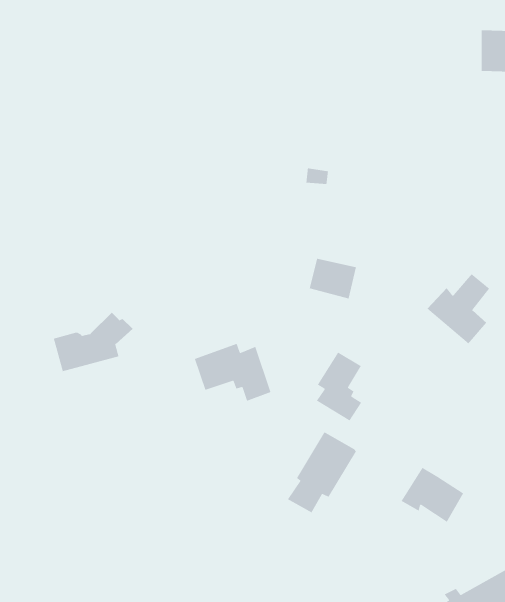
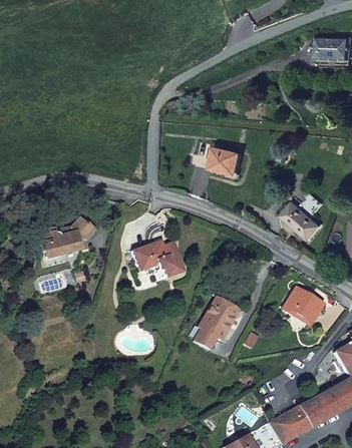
building: [309,258,357,300] -> [213,147,244,174]
building: [316,352,362,421] -> none
building: [401,467,464,523] -> [282,286,323,322]

